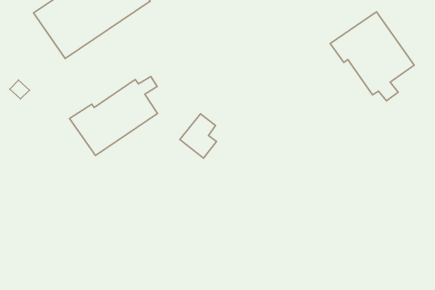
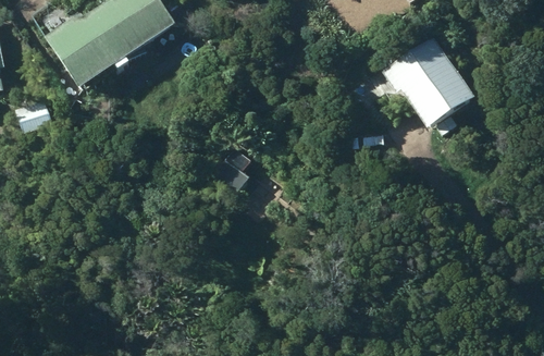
building: [70,76,158,155] -> none

